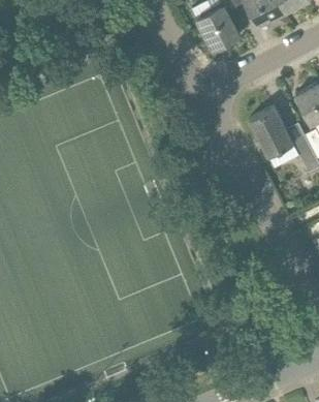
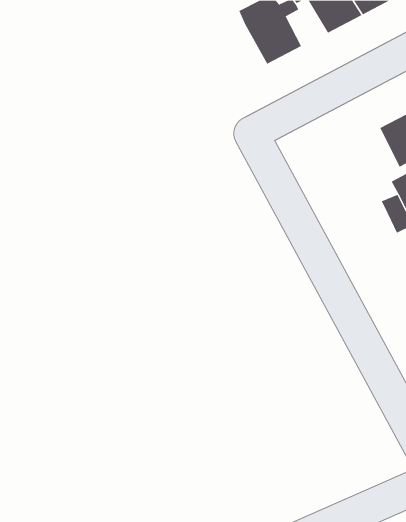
building: [249,107,292,157] -> none

